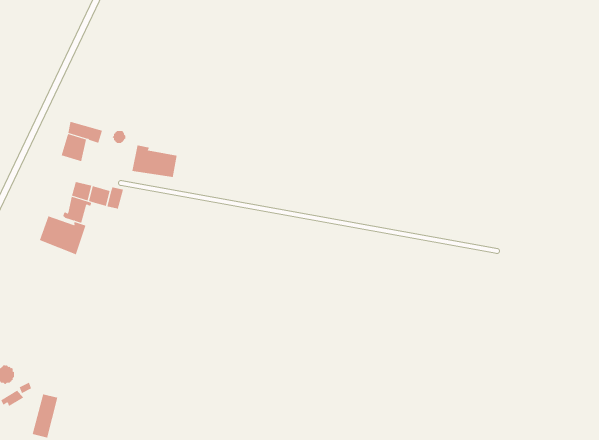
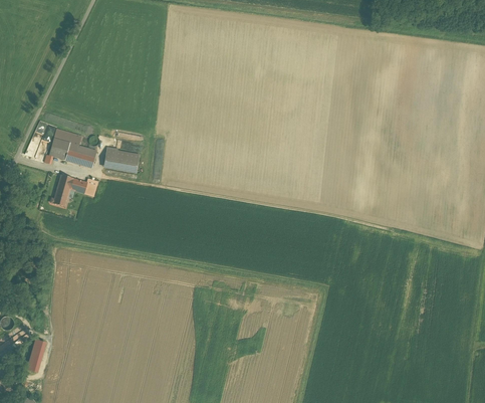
building: none -> [65,143,96,168]
building: [39,215,86,255] -> none

